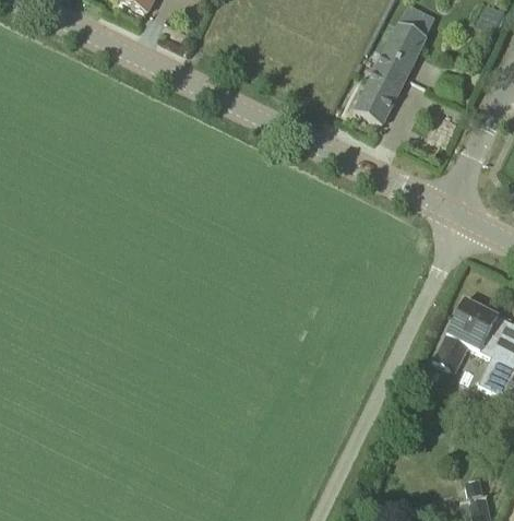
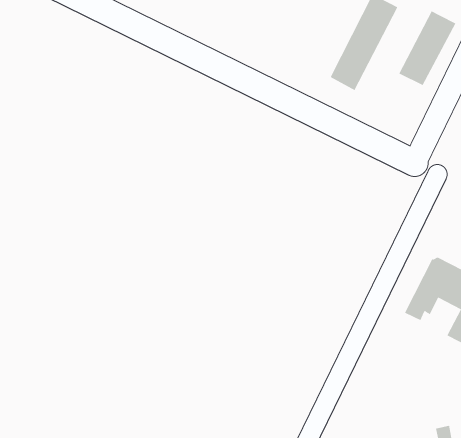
building: none -> [399,10,456,86]

